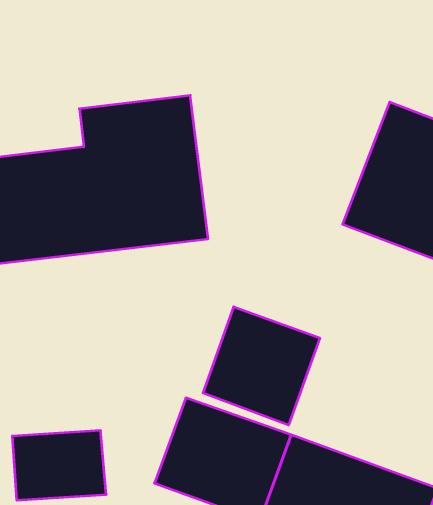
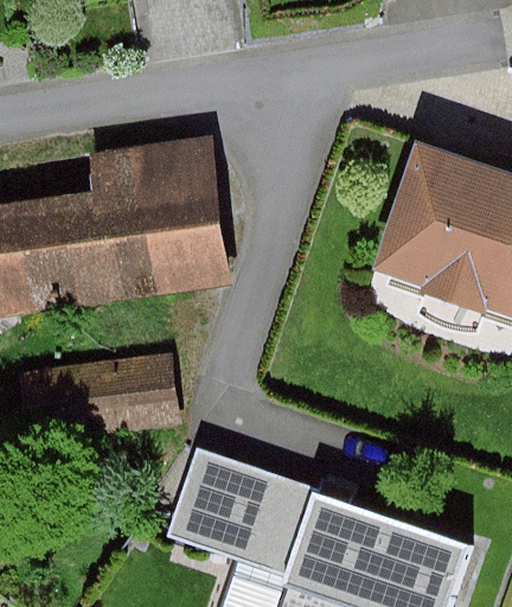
building: [203,307,320,425] -> none
building: [12,431,106,500] -> [81,369,180,442]

